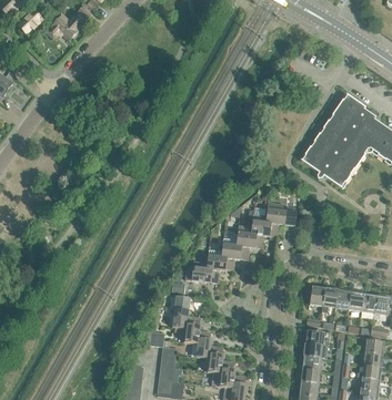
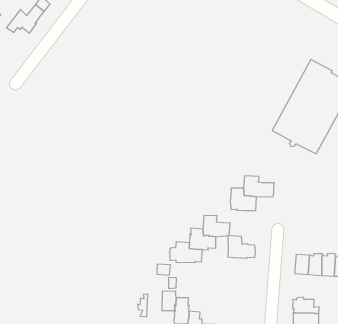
building: [235,224,263,248] -> [228,236,255,258]

